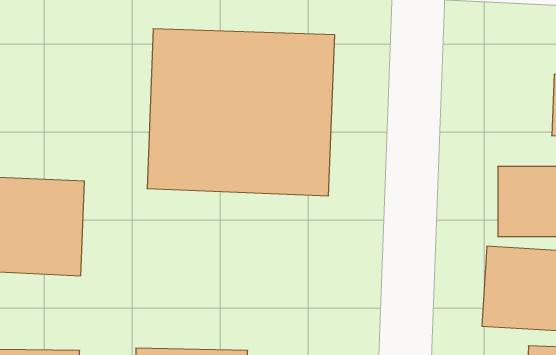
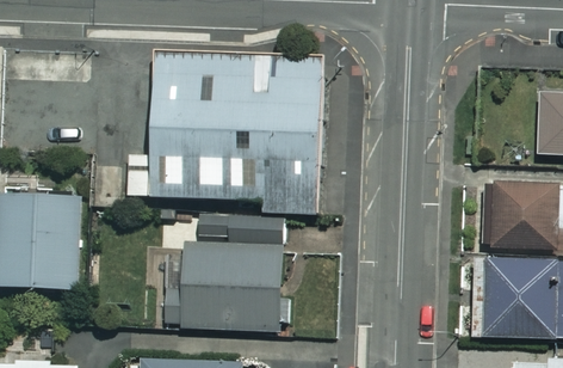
building: none -> [165,243,282,329]

